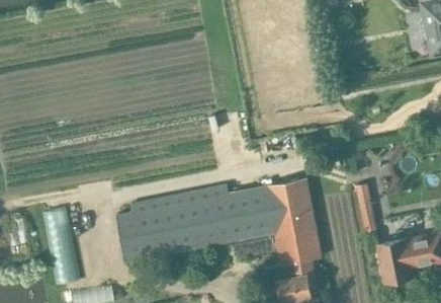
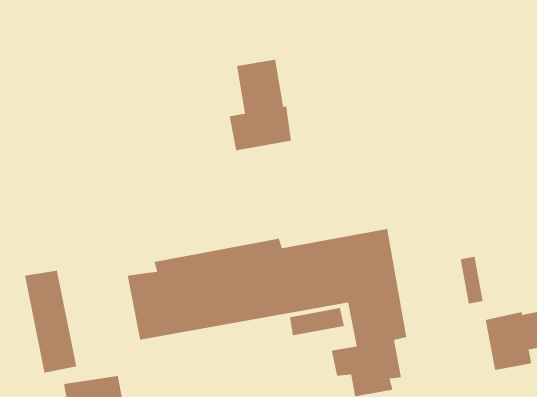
building: none -> [229,59,292,151]

